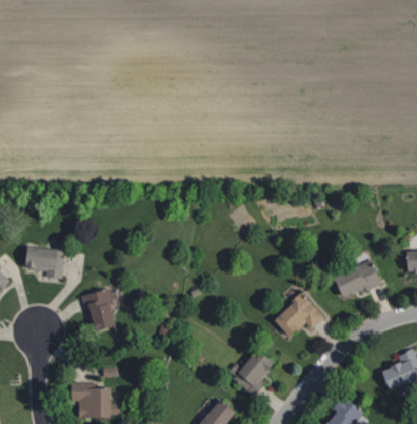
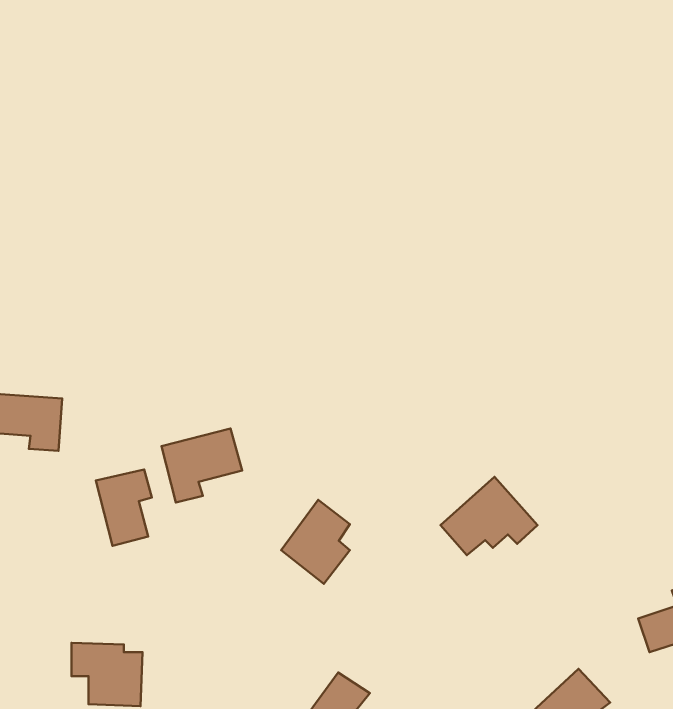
building: [332,260,382,300] -> none
building: none -> [161,428,242,502]
building: [233,349,271,395] -> [281,500,350,584]

